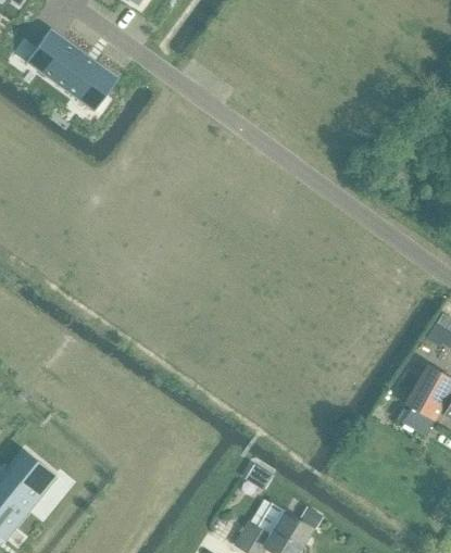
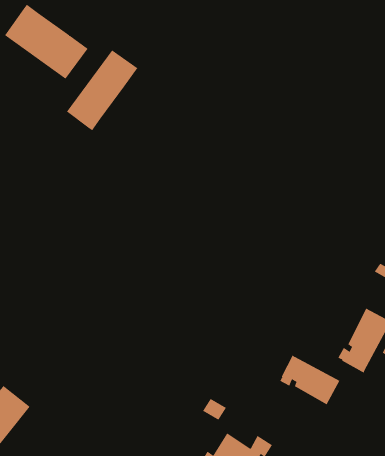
building: none -> [66,49,138,131]
building: none -> [280,354,340,405]

